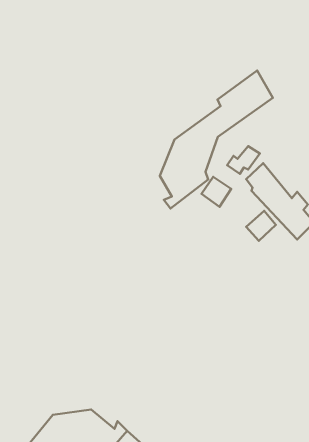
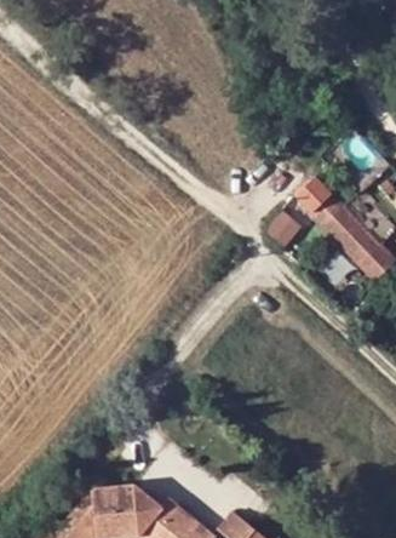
building: [160,71,273,208] -> none

